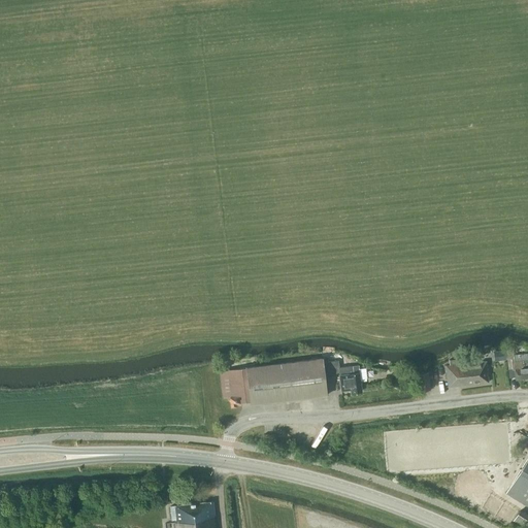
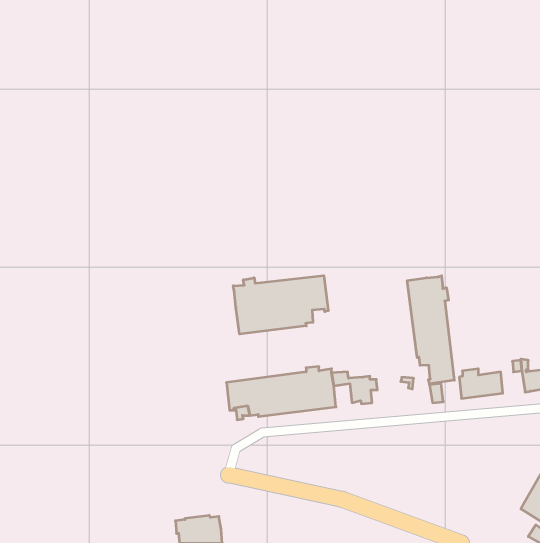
building: none -> [233,276,328,334]
building: none -> [407,276,454,384]

